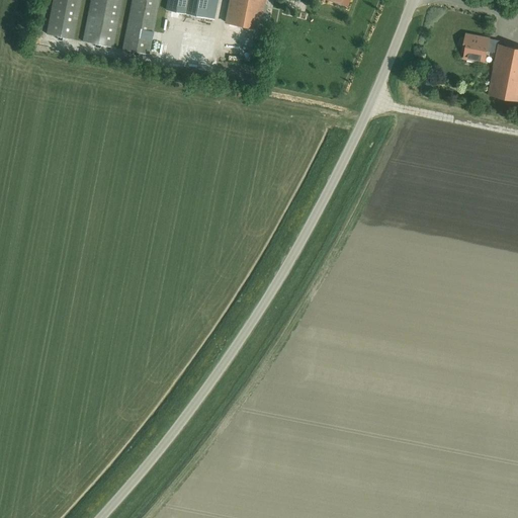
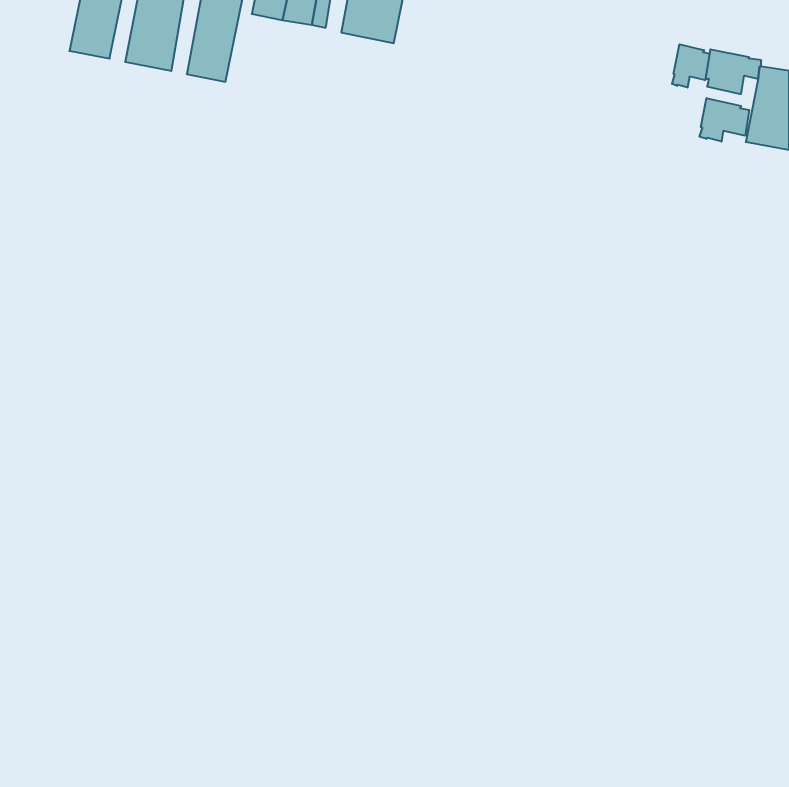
building: none -> [672,44,710,88]
building: none -> [700,98,749,142]

